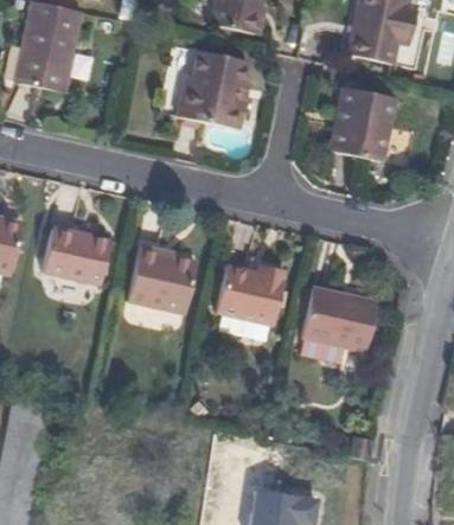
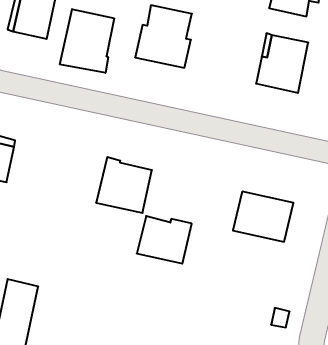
building: none -> [60,9,114,73]
building: [43,228,111,284] -> none
building: [216,264,286,325] -> [137,216,192,264]

